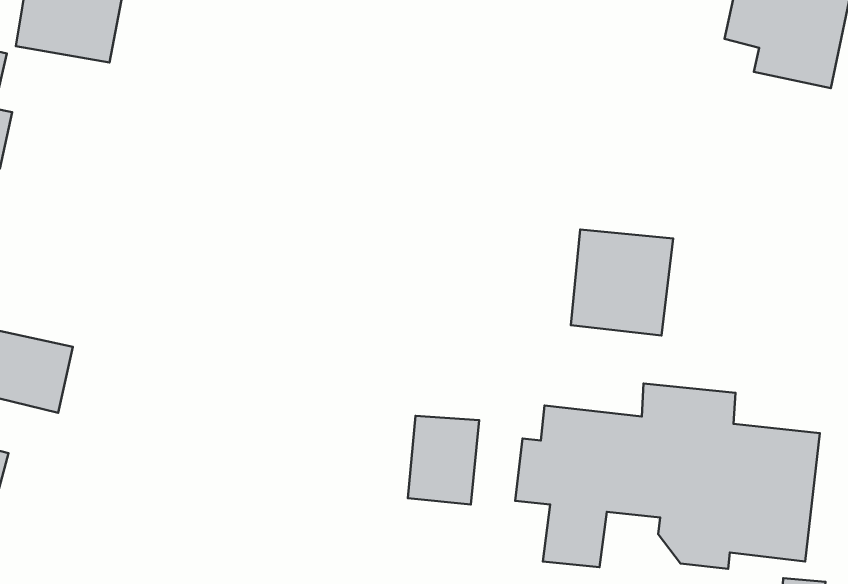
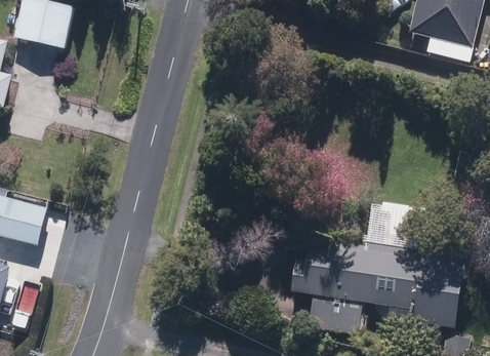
building: [571,230,673,336] -> none
building: [408,416,479,505] -> none

